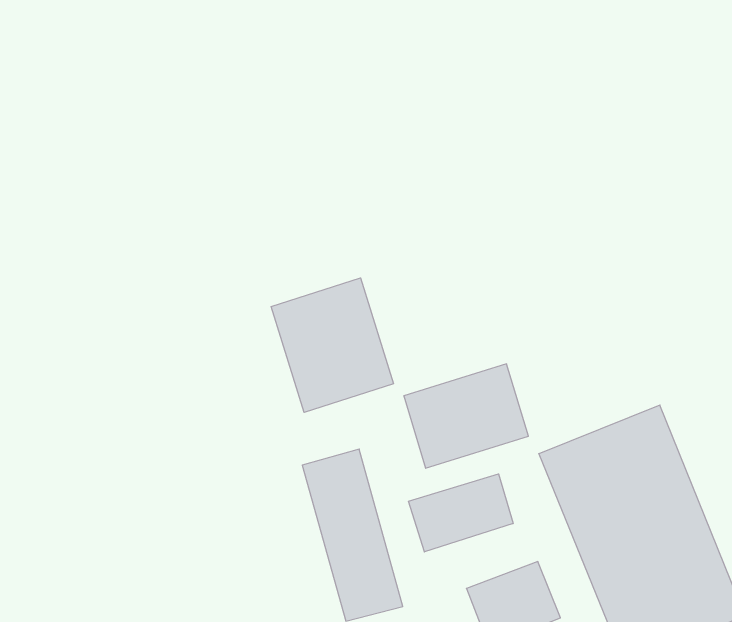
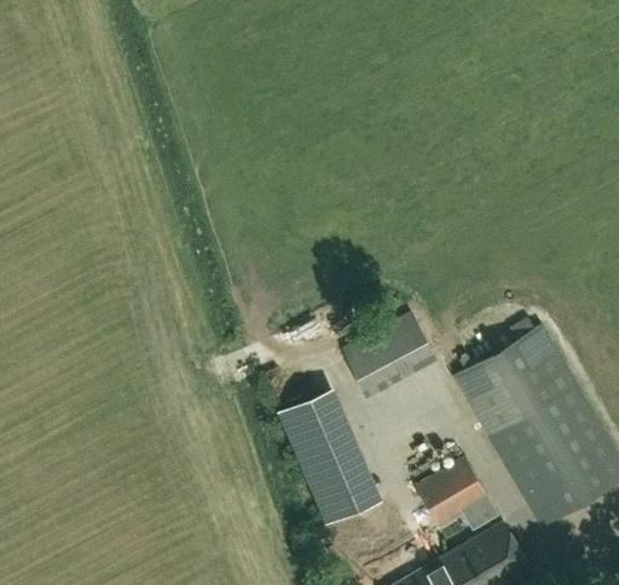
building: [271,278,393,412] -> none
building: [409,474,513,552] -> none

